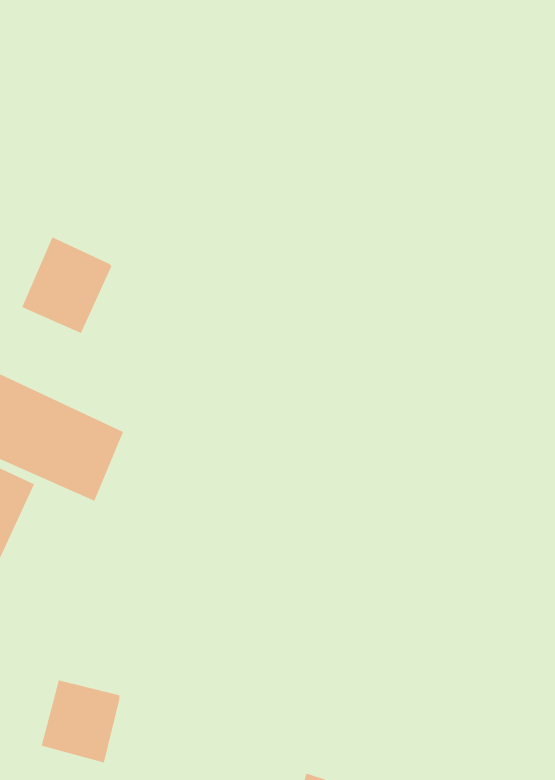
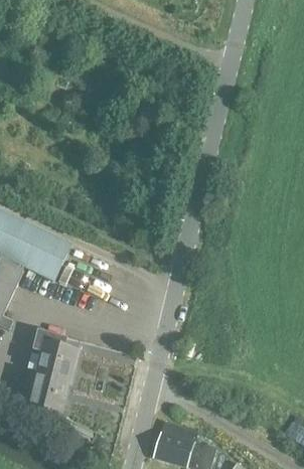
building: [21,236,112,334] -> none
building: none -> [29,328,75,381]

